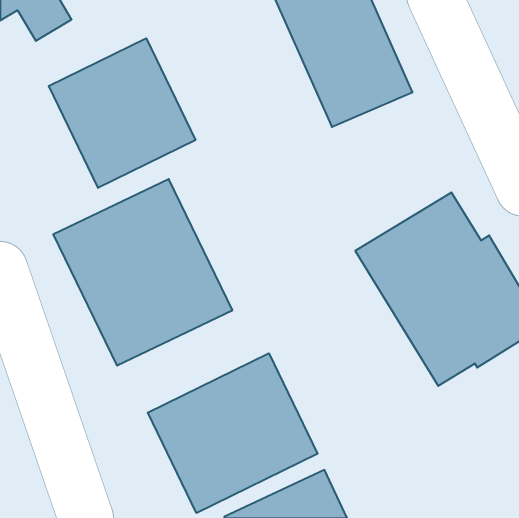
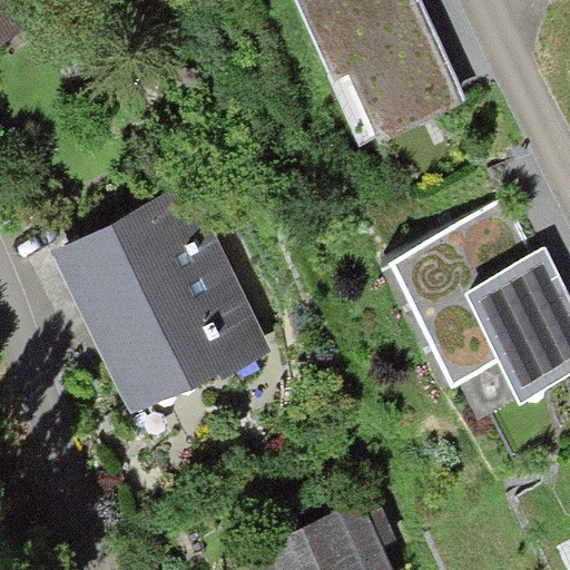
building: [49,38,195,188] -> none
building: [148,353,317,513] -> none

